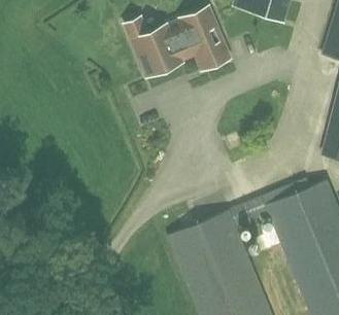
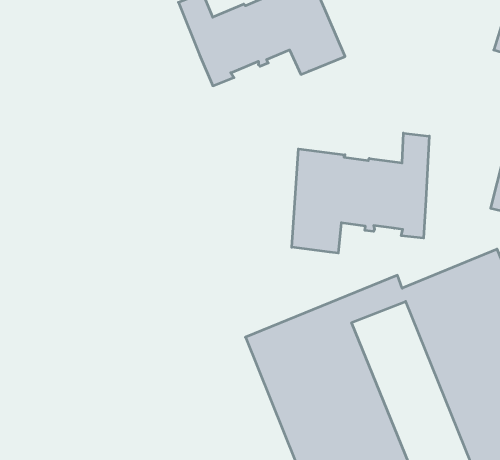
building: none -> [292,133,429,253]

